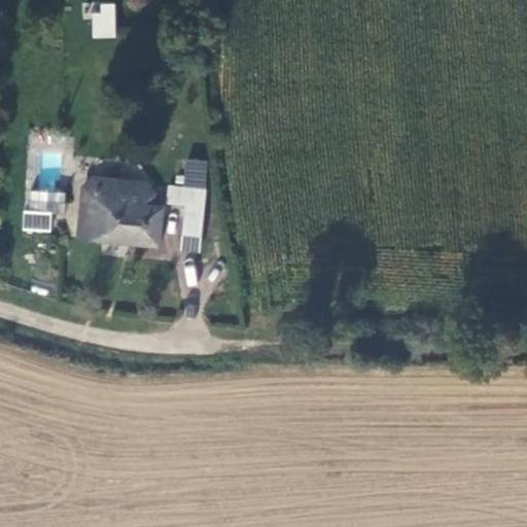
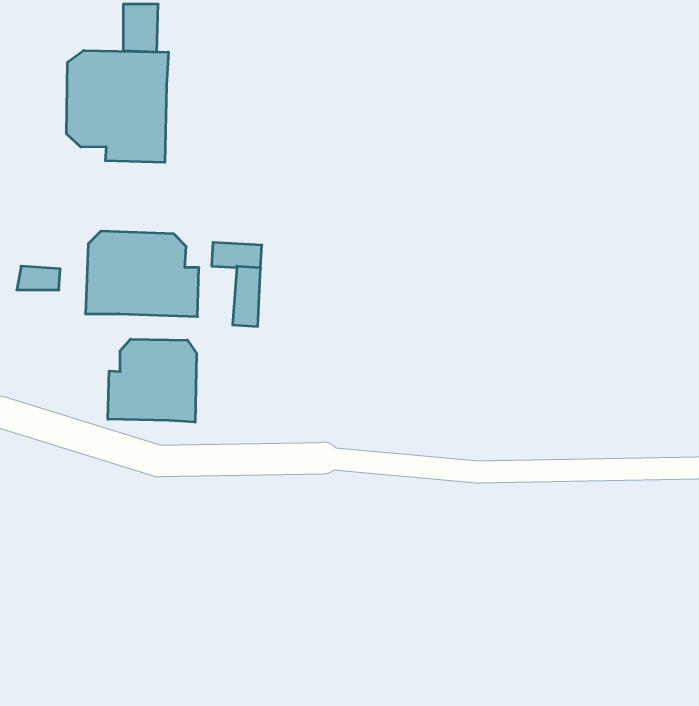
building: none -> [66,50,168,162]
building: none -> [108,339,197,422]

